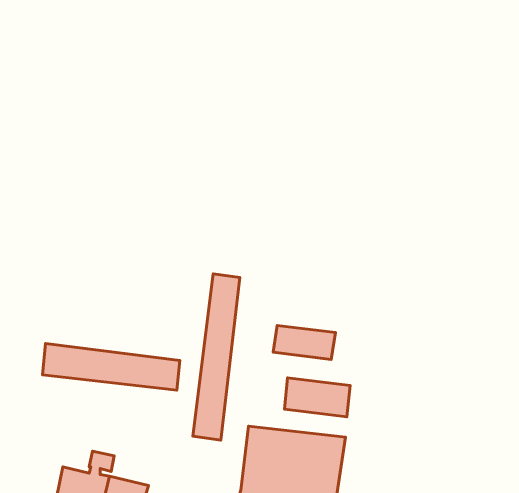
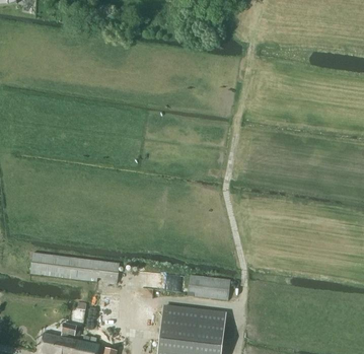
building: [193,274,240,440] -> none
building: [273,325,335,360] -> none

